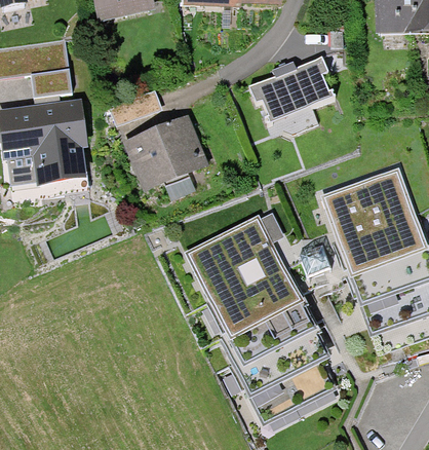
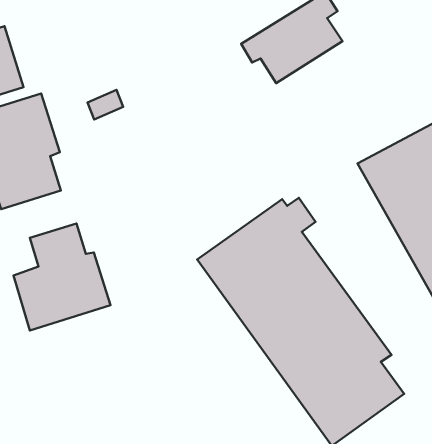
building: [123,115,209,191] -> none
building: none -> [13,223,110,331]

